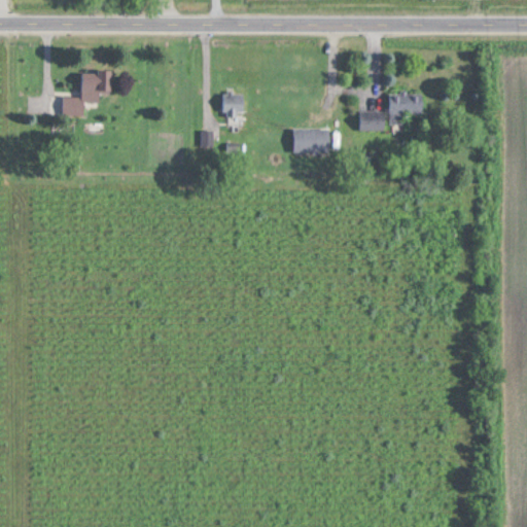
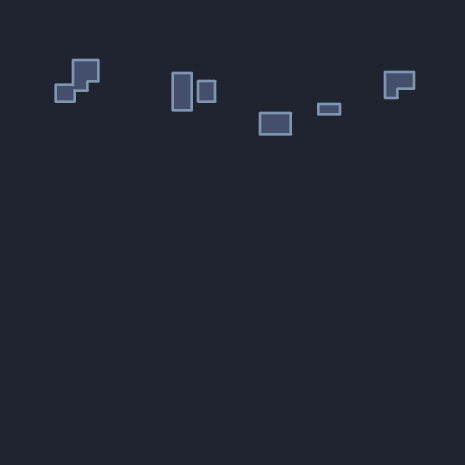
building: none -> [173,73,192,110]
building: [389,95,422,124] -> [385,72,414,98]

